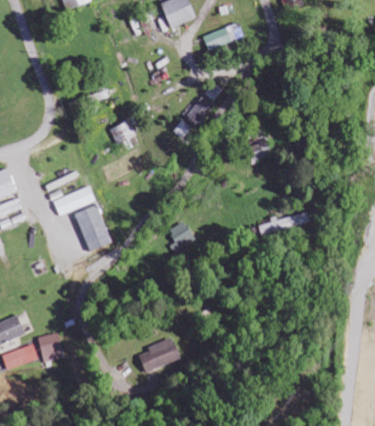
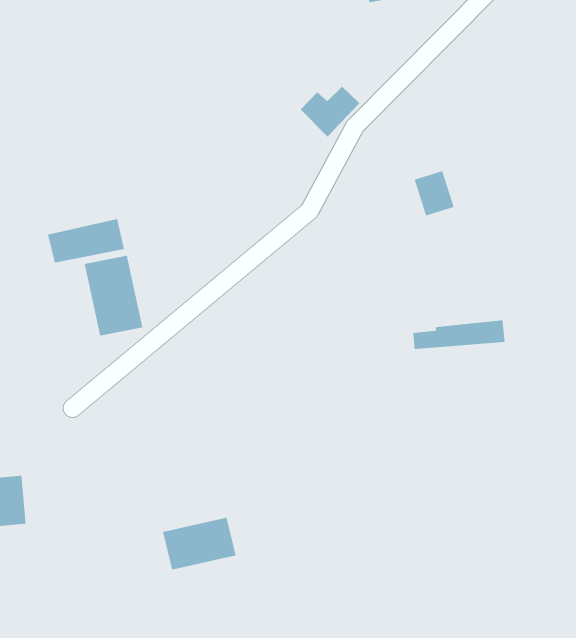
building: [109,120,135,145] -> none
building: [167,221,194,252] -> none

